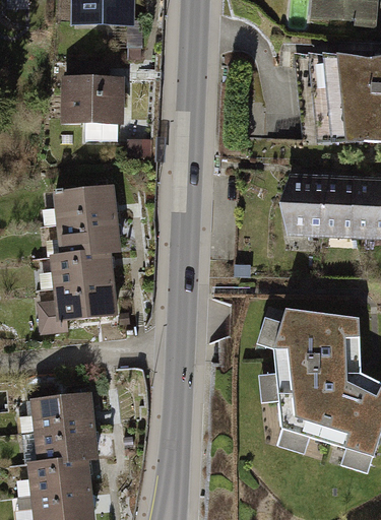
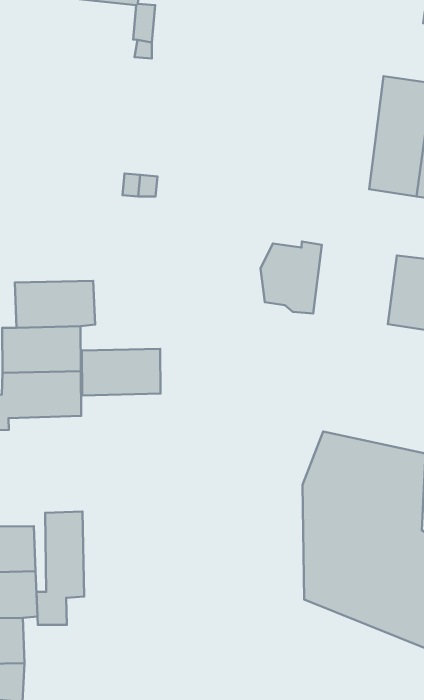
building: [67,61,119,140] -> none
building: [284,180,326,230] -> [261,242,322,314]
building: [57,186,115,223] -> [82,349,161,395]
building: none -> [37,511,84,625]

